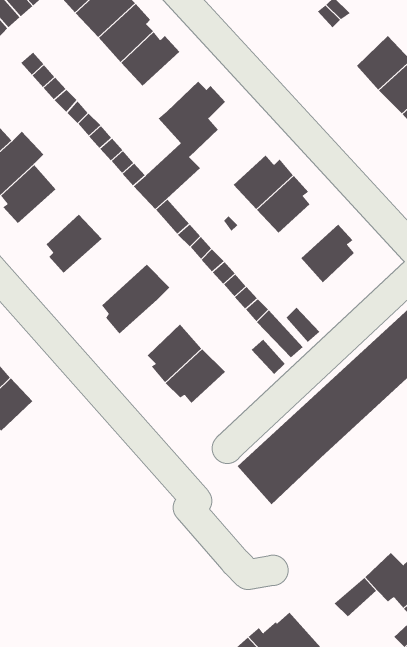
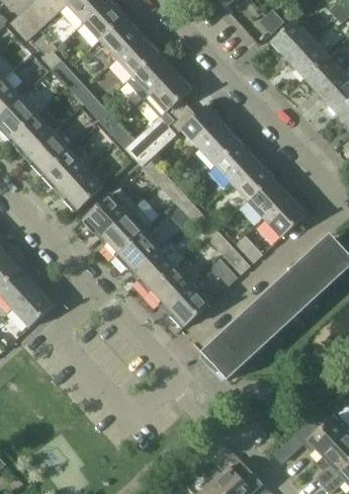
building: none -> [271,19,311,60]
building: none -> [125,50,172,98]
building: none -> [166,103,222,147]
building: none -> [40,150,85,190]
building: none -> [231,161,274,200]
building: none -> [82,186,135,235]
building: none -> [263,196,308,237]
building: none -> [114,231,159,271]
building: none -> [167,283,208,328]

